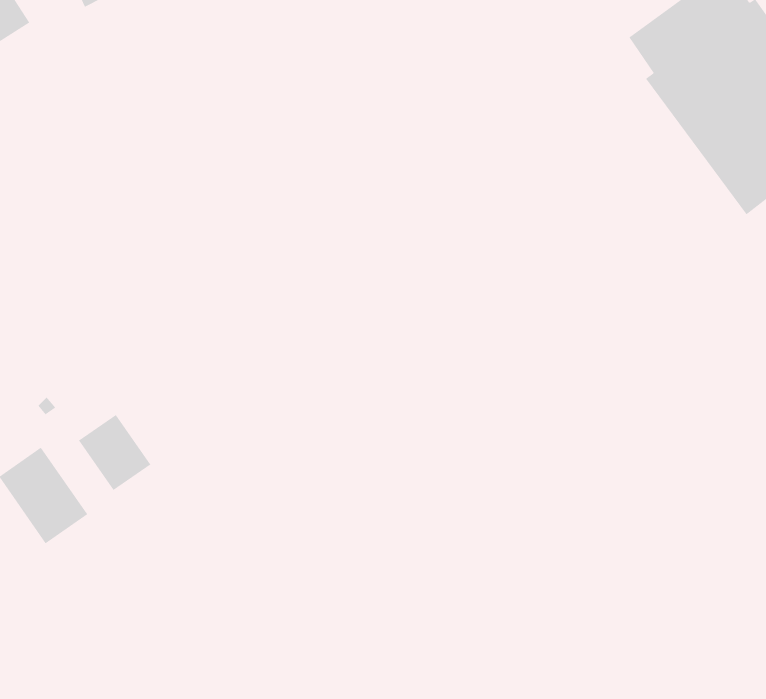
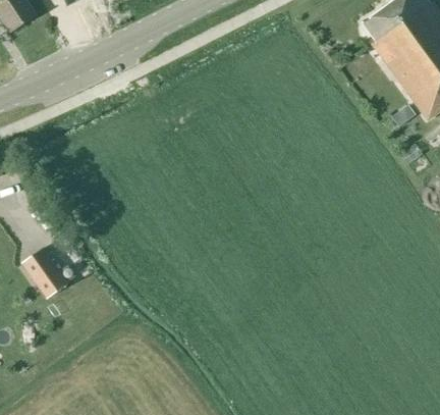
building: [78,414,151,491] -> none

